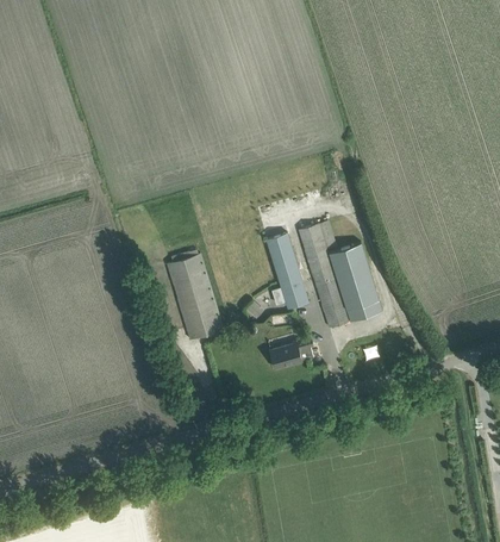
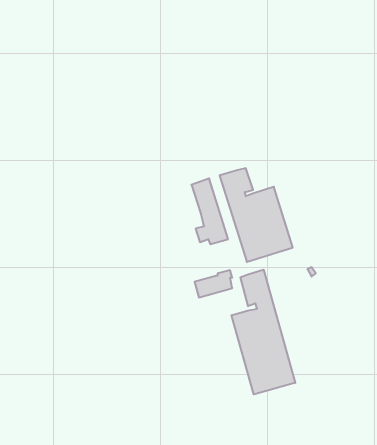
building: [168,250,224,339] -> none
building: none -> [231,270,295,394]

